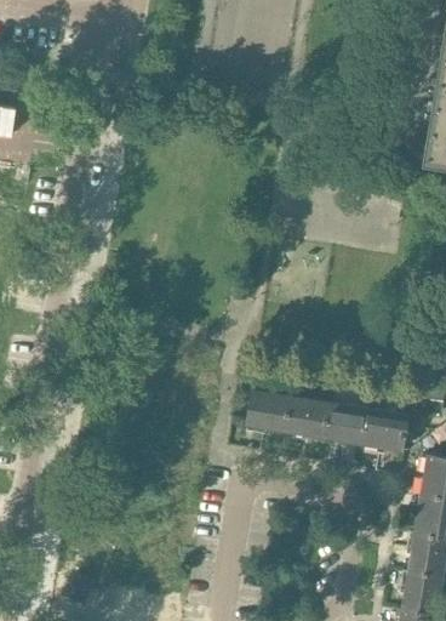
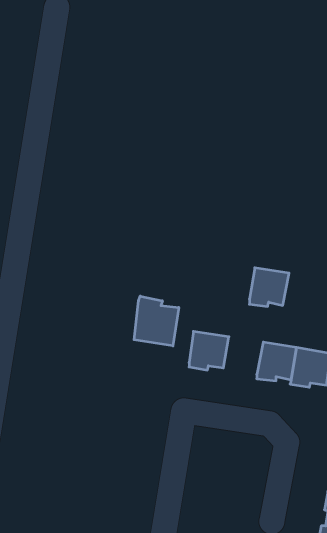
building: none -> [134,296,179,346]
building: [287,398,332,441] -> [249,268,289,306]

